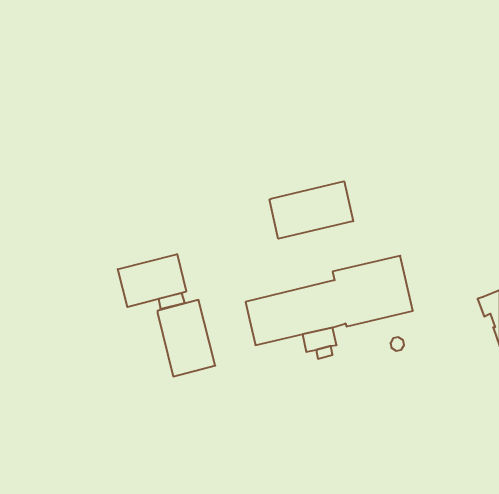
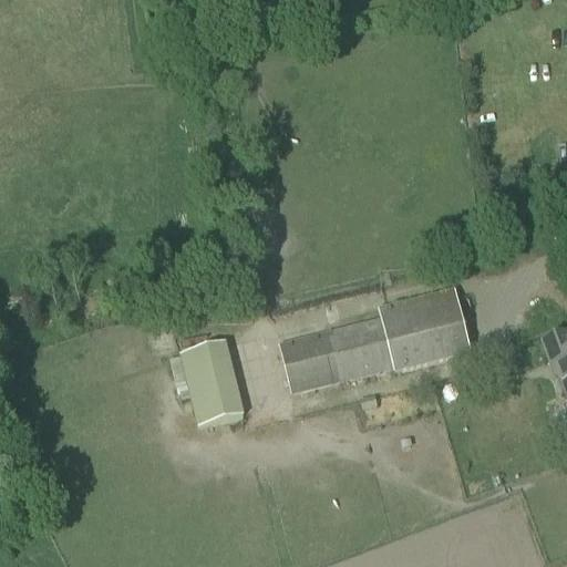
building: [270,181,353,239] -> none
building: [118,254,186,307] -> none

